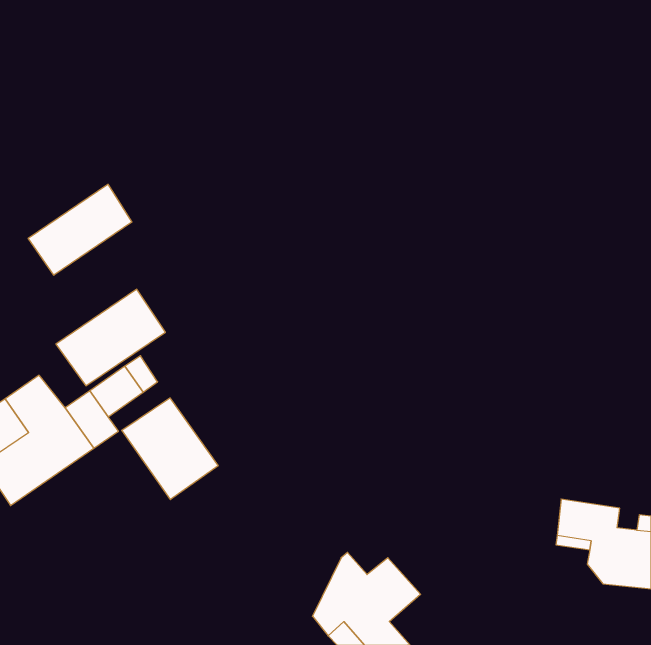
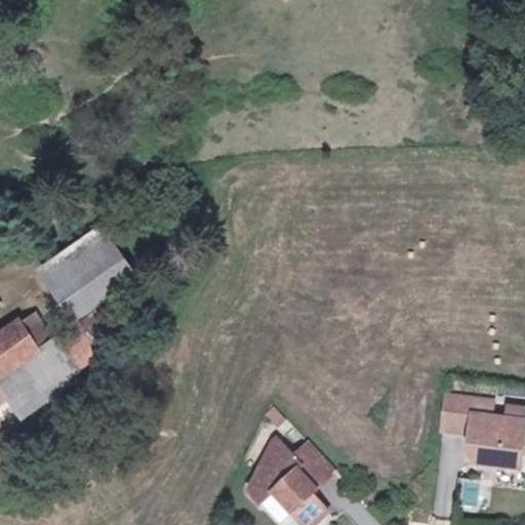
building: [28,184,132,275] -> none
building: [122,398,218,500] -> none

